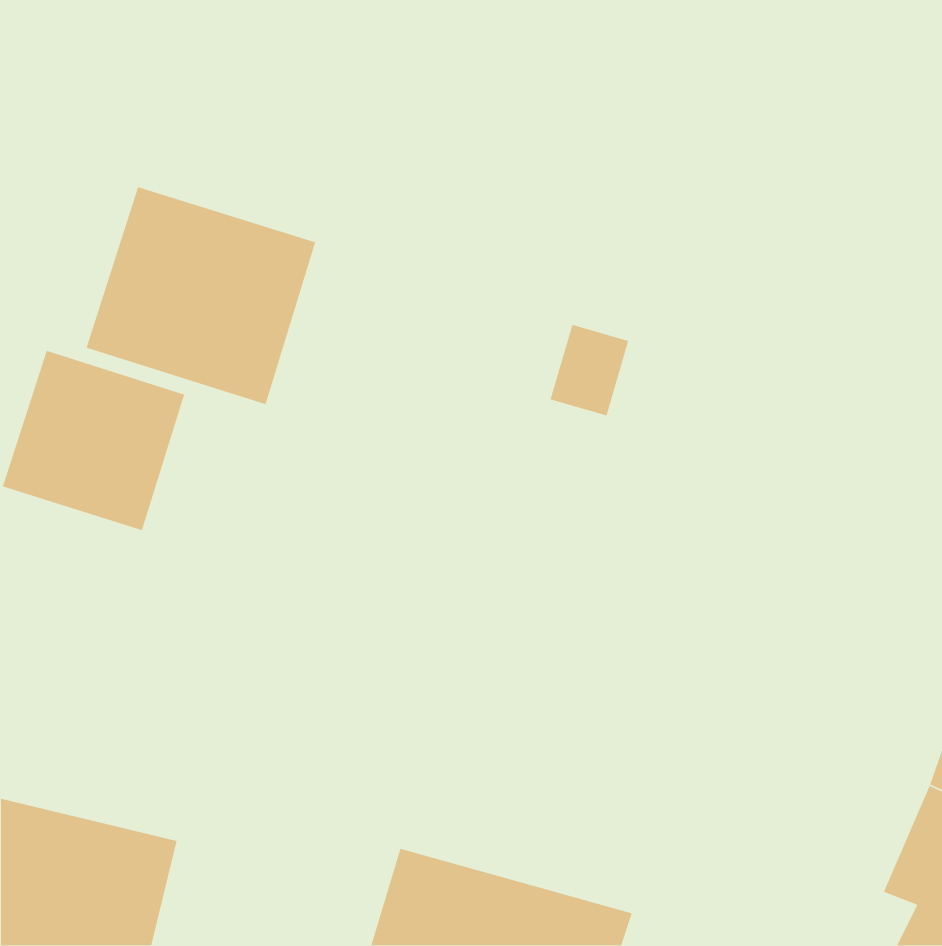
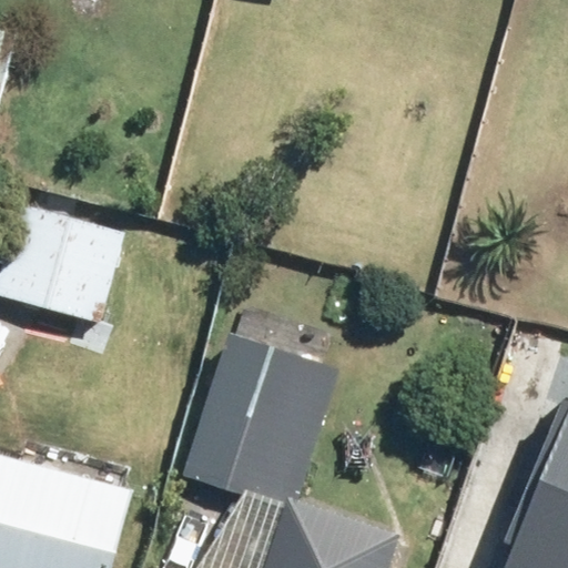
building: [85,186,316,405] -> none
building: none -> [185,342,334,495]

